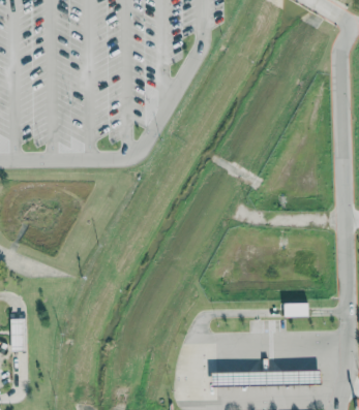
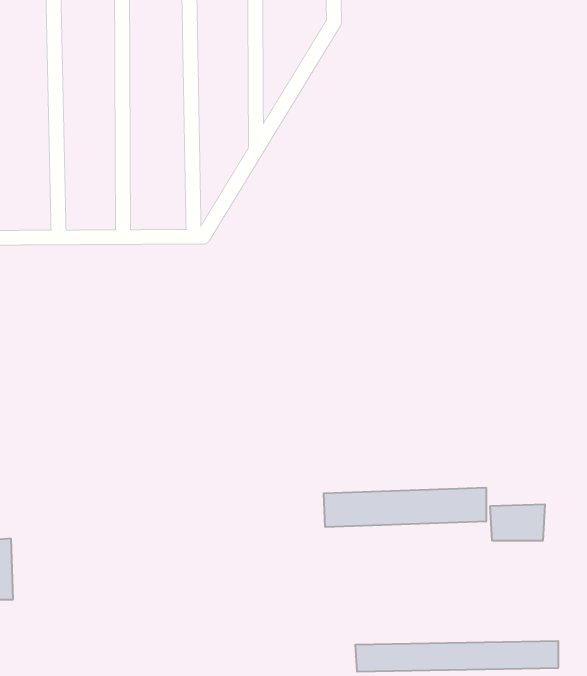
building: none -> [324,488,486,527]

